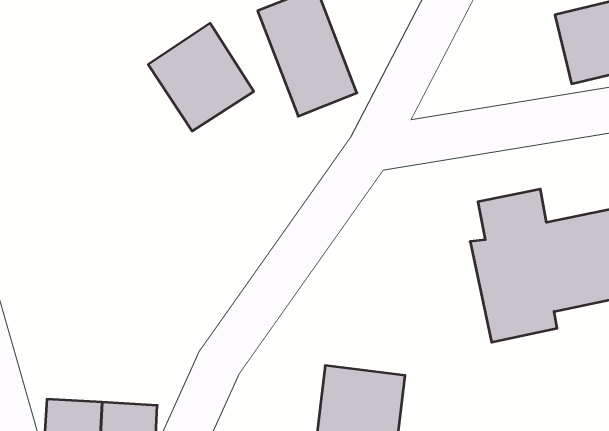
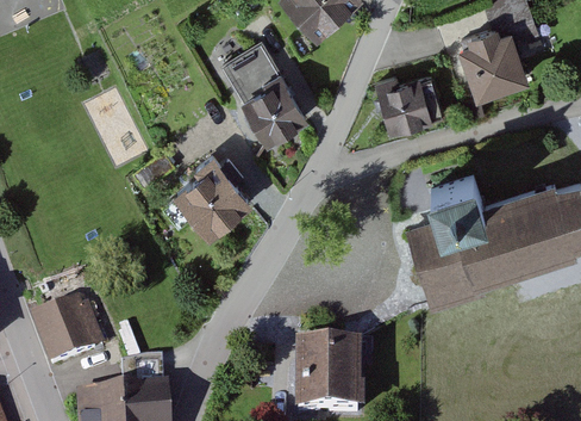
building: [148,23,254,131] -> [169,157,255,244]
building: none -> [376,79,431,136]
building: none -> [42,295,111,363]

